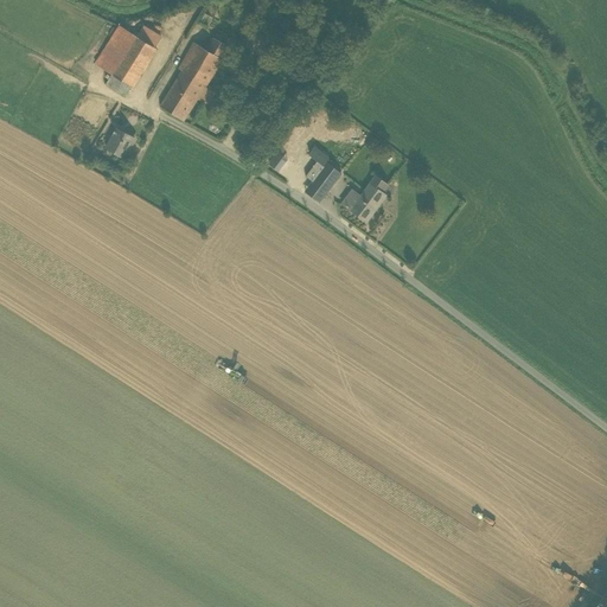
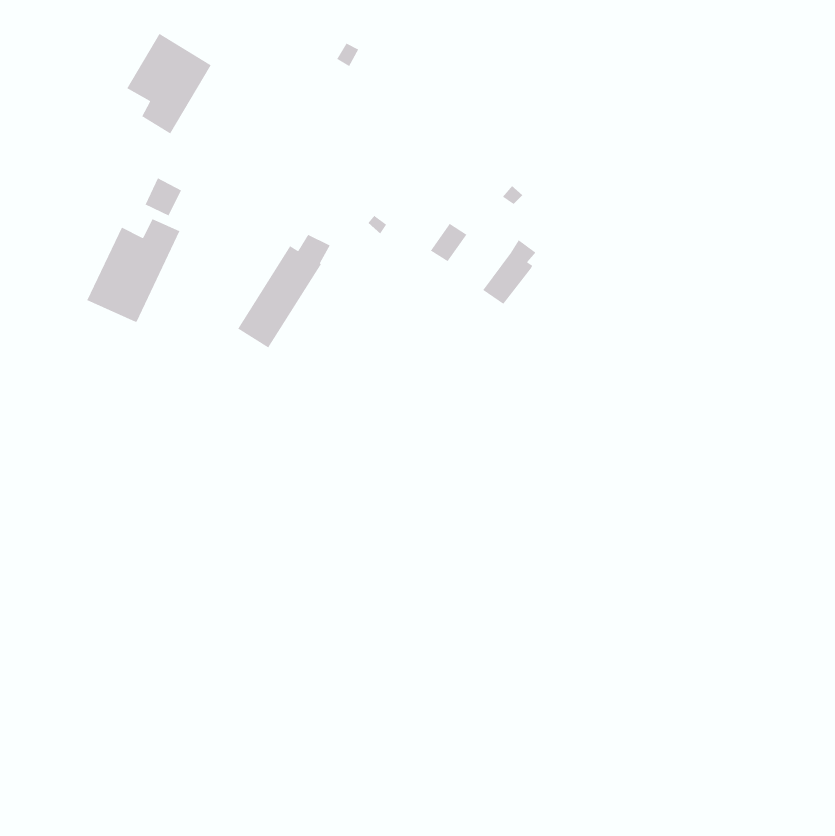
building: [159,37,226,120] -> [237,234,331,349]
building: none -> [86,218,180,323]

